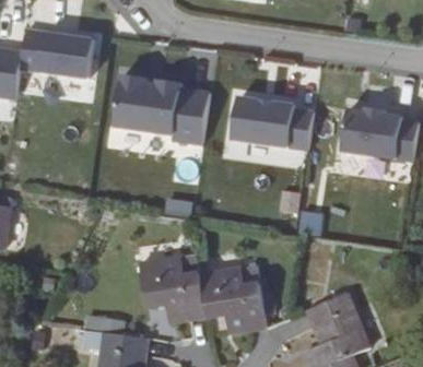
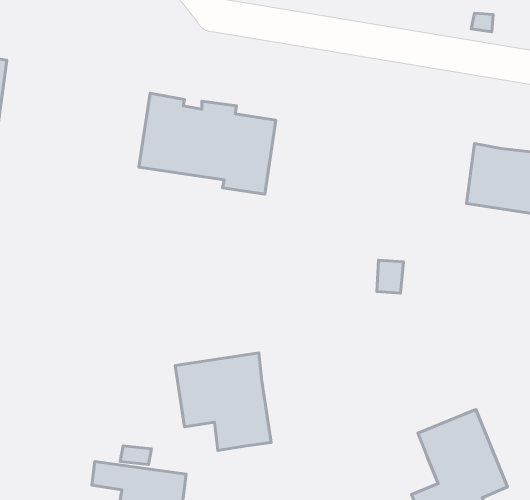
building: [39,33,94,79] -> none
building: [232,97,313,150] -> none
building: [199,267,266,332] -> none

